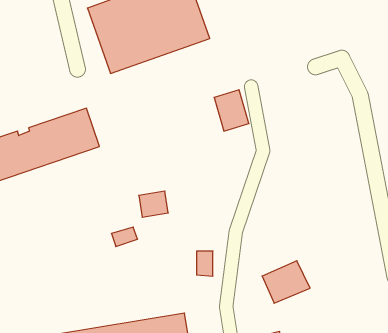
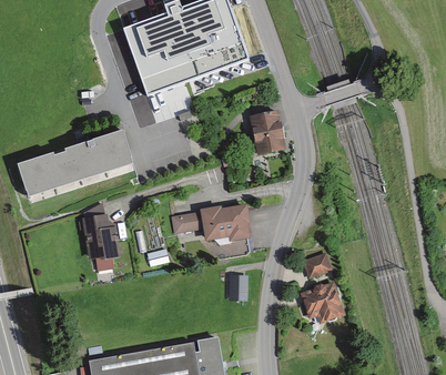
building: none -> [206,203,254,243]
building: none -> [83,214,121,263]
building: none -> [304,249,338,283]

